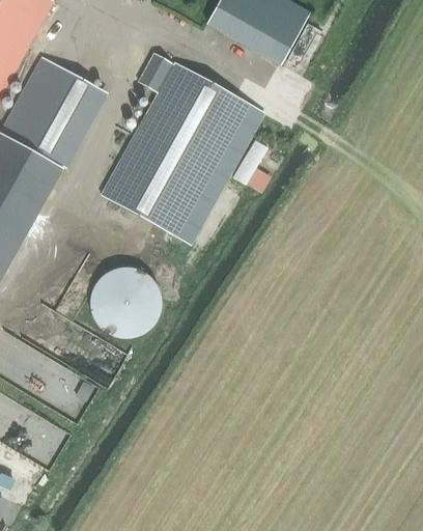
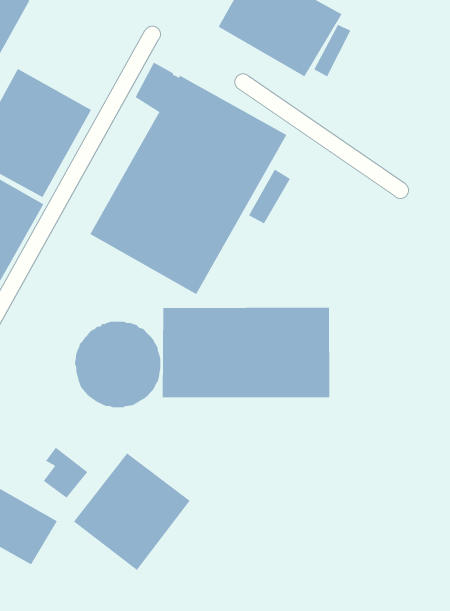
building: none -> [162,307,330,398]
building: none -> [73,452,191,571]

